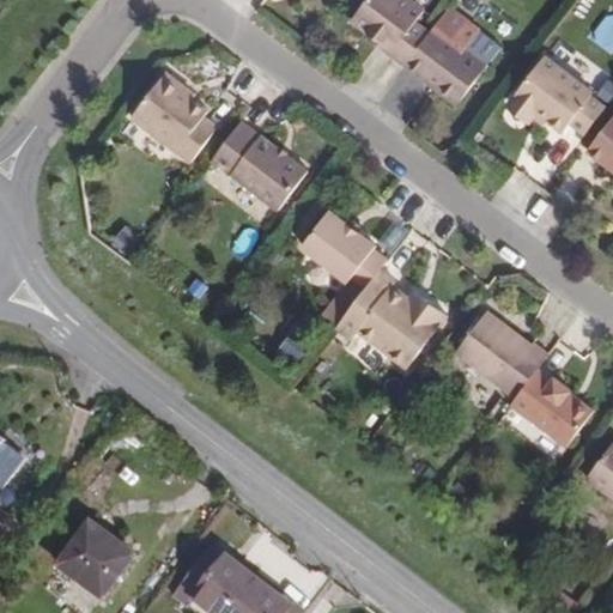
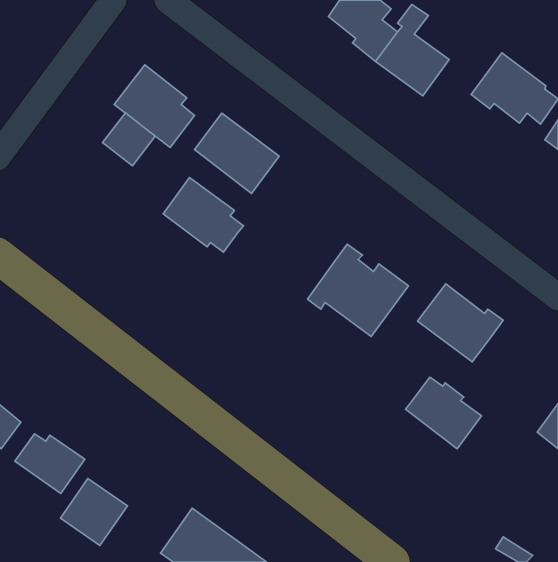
building: none -> [102,113,155,166]
building: [297,206,384,287] -> [163,177,243,252]
building: [510,365,593,443] -> [406,377,481,449]
building: none -> [15,434,85,494]

